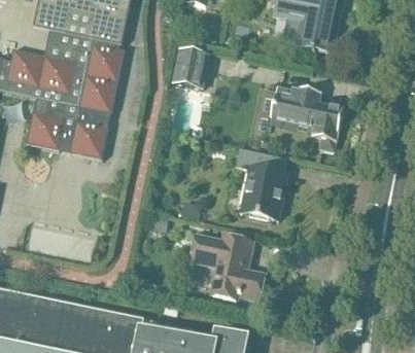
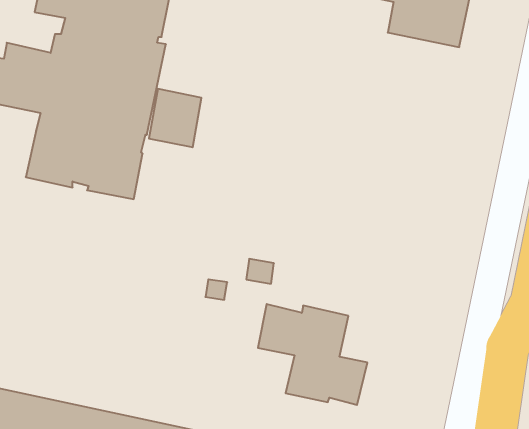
building: [172,47,209,89] -> [149,89,201,147]
building: [266,85,342,150] -> none
building: [234,147,287,219] -> none

